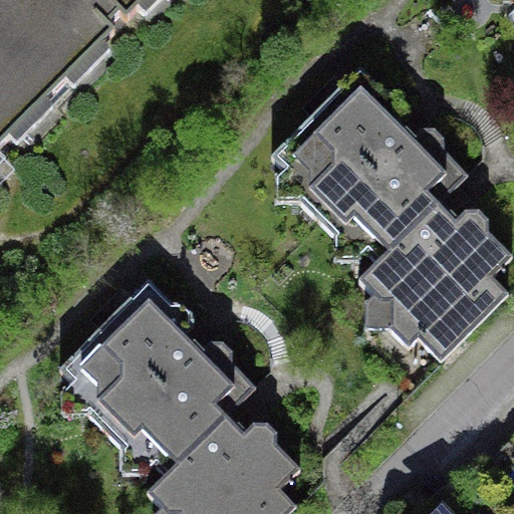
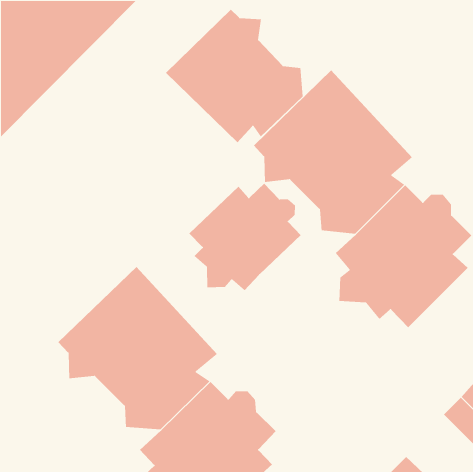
building: none -> [165,9,304,143]
building: none -> [188,183,302,291]

